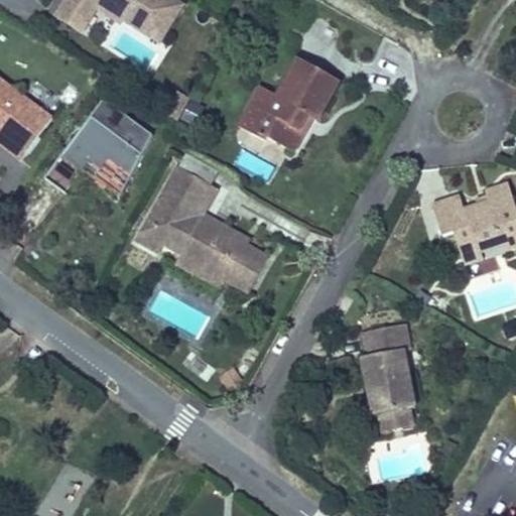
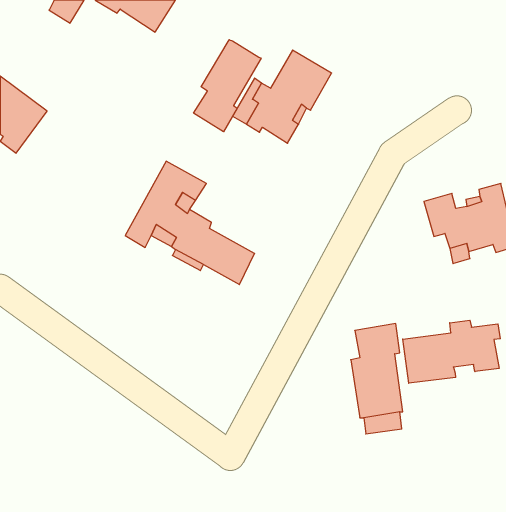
building: none -> [194,40,261,132]
building: [50,102,158,198] -> none
building: none -> [403,320,500,383]

